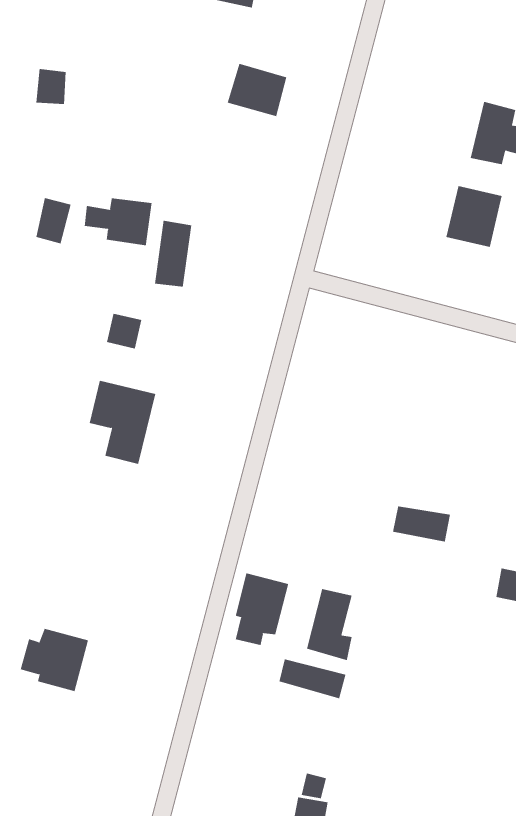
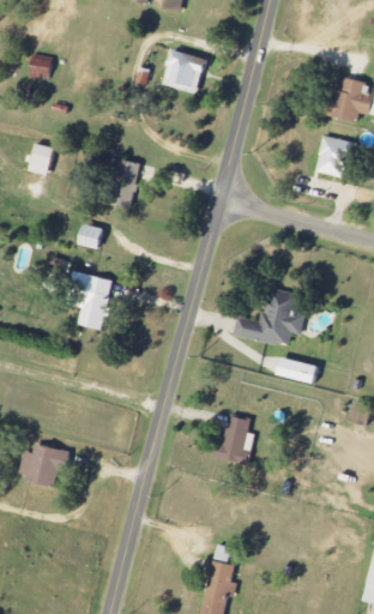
building: [84,197,152,246] -> none
building: none -> [233,287,303,345]
building: [235,572,289,646] -> none
building: [279,658,346,699] -> none

